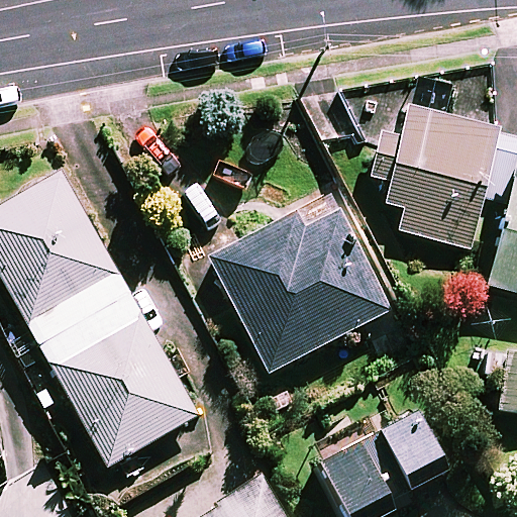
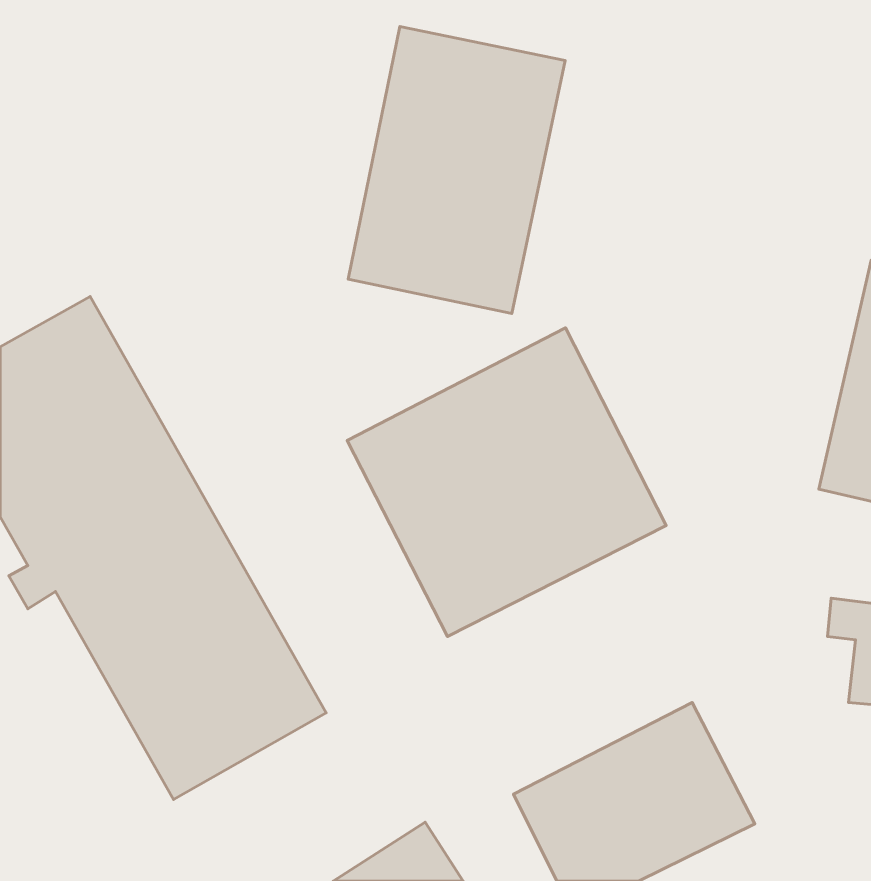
building: none -> [348,27,565,314]
building: [389,108,498,244] -> none

